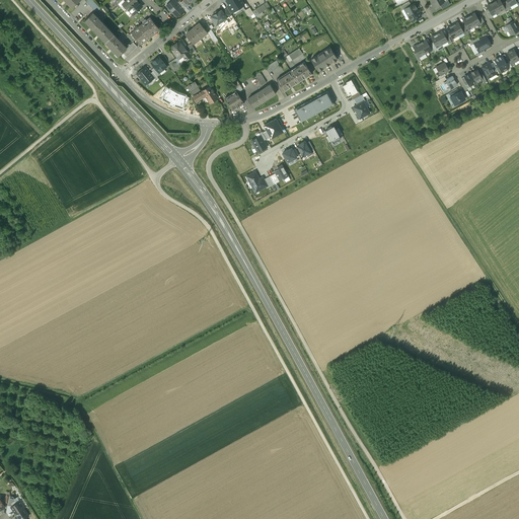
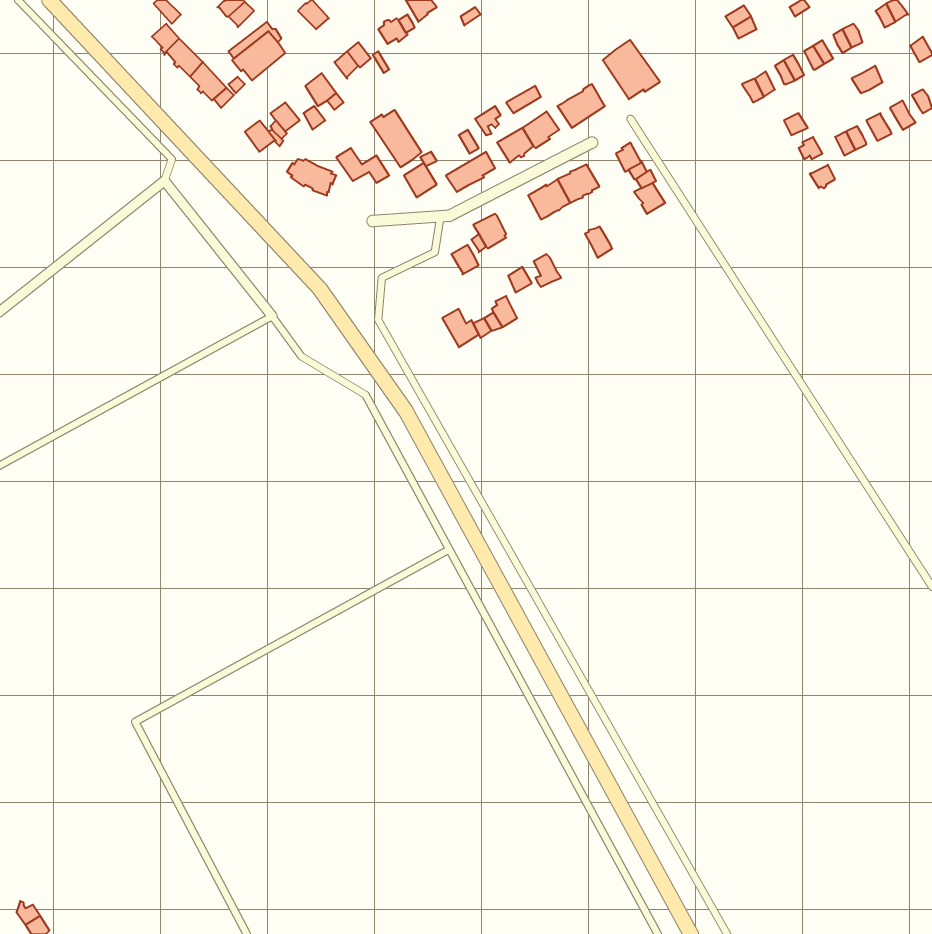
building: none -> [603,40,660,99]
building: none -> [370,110,421,167]

